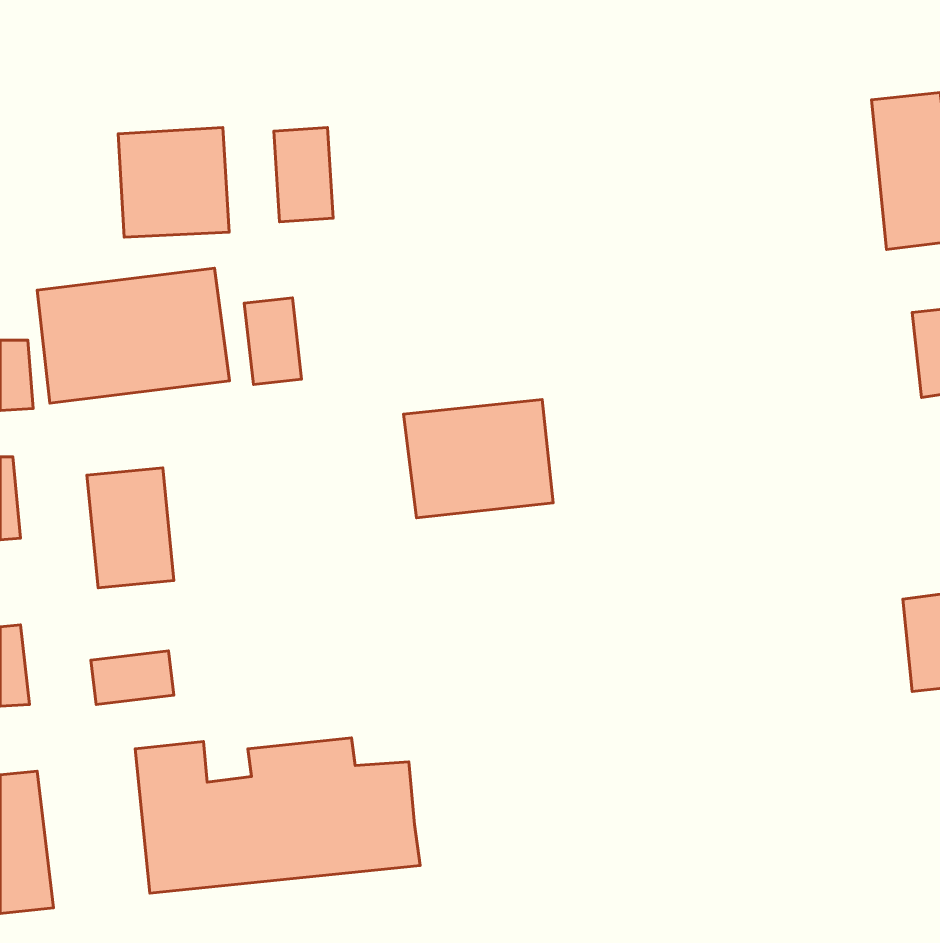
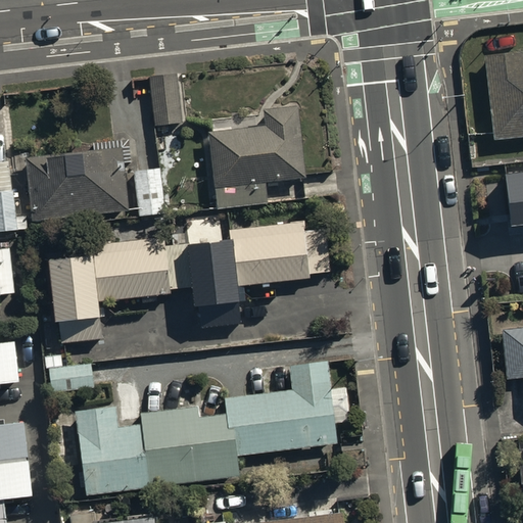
building: [118,127,229,237] -> none
building: none -> [206,107,304,207]
building: none -> [94,241,168,302]
building: none -> [187,243,234,310]
building: none -> [227,364,334,456]

